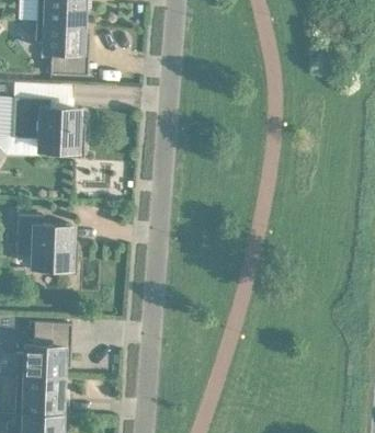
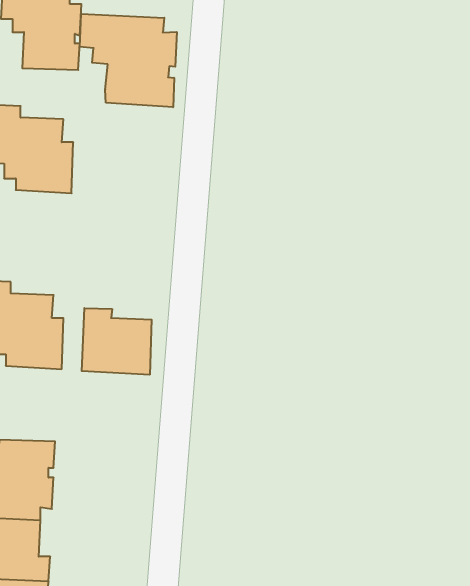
building: none -> [80,14,177,107]
building: none -> [82,308,152,375]

